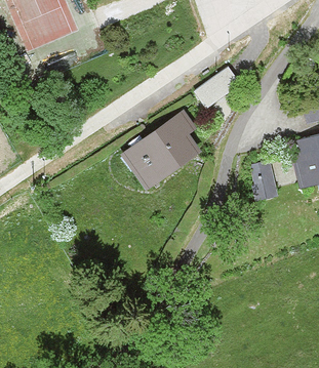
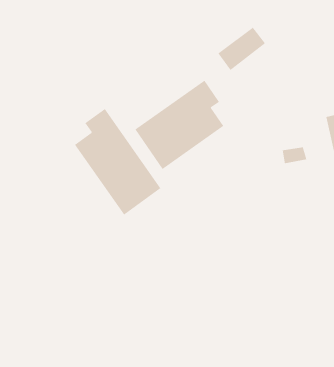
building: none -> [74,108,161,215]

